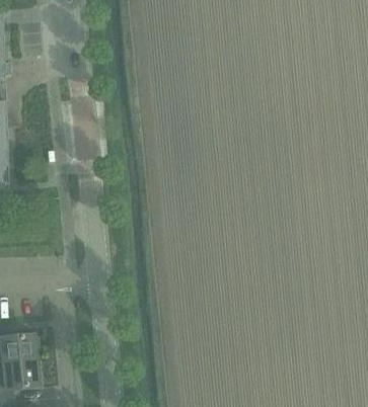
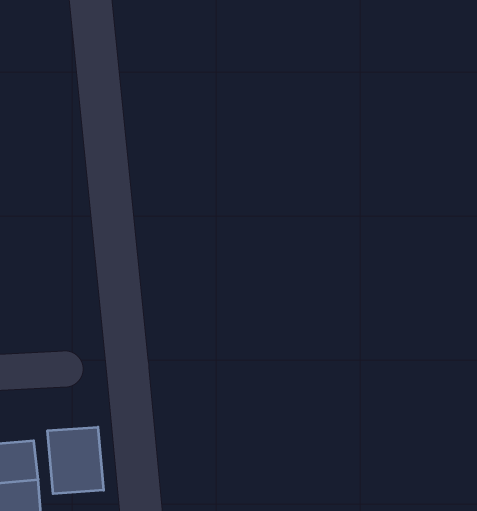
building: none -> [48,427,104,494]

